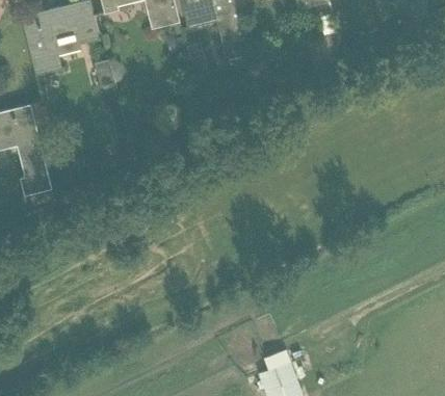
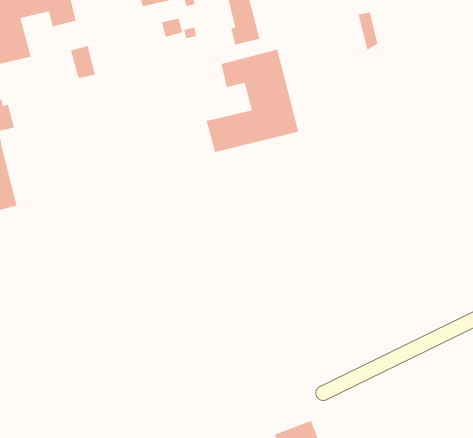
building: none -> [206,49,299,153]

